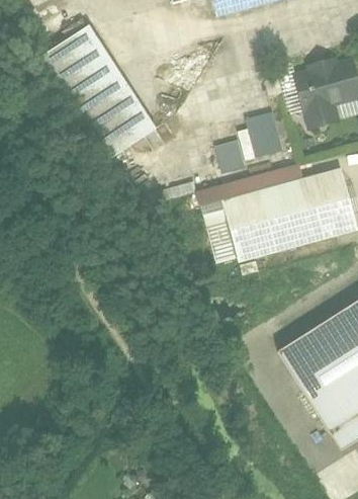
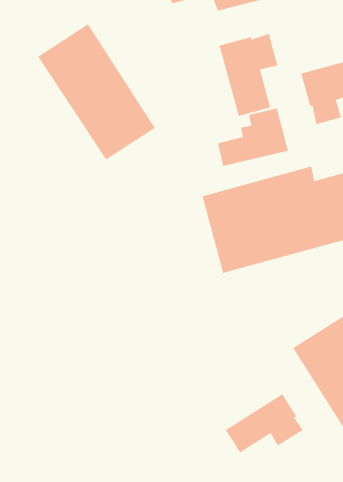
building: none -> [219,33,278,117]
building: none -> [225,393,304,453]

